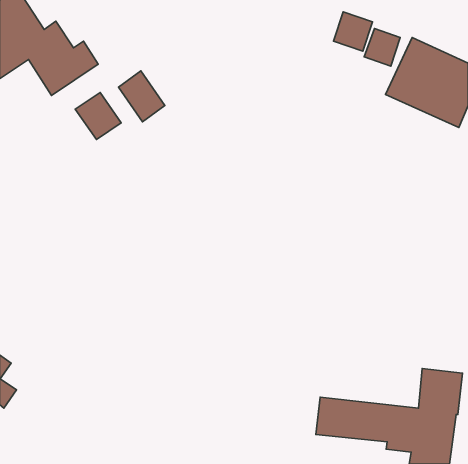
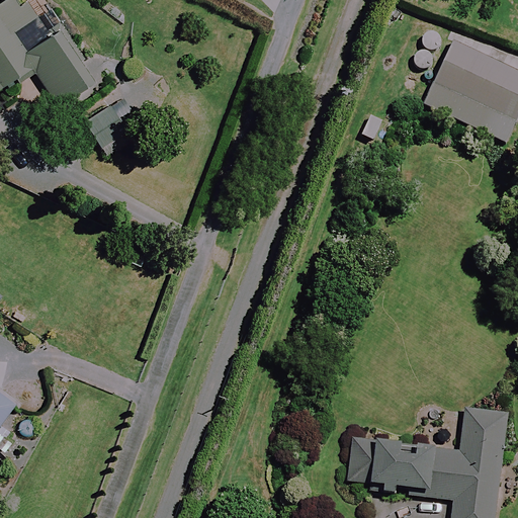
building: [334,12,372,51] -> none
building: [118,71,165,122] -> none

